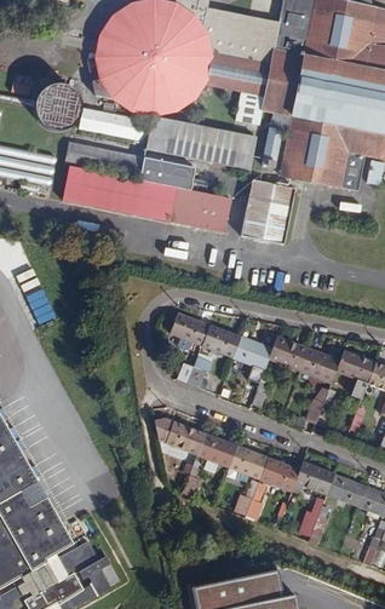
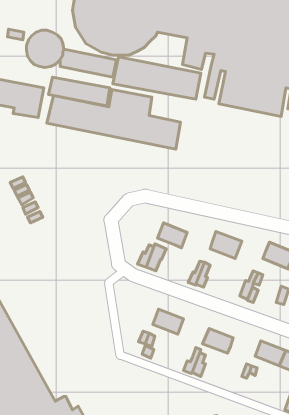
building: [241,179,294,242] -> none
building: [169,311,209,344] -> none
building: [232,337,271,368] -> none
building: [300,347,339,381] -> none
building: [154,418,203,453] -> none
building: [228,446,268,477] -> none
building: [294,461,333,493] -> none

